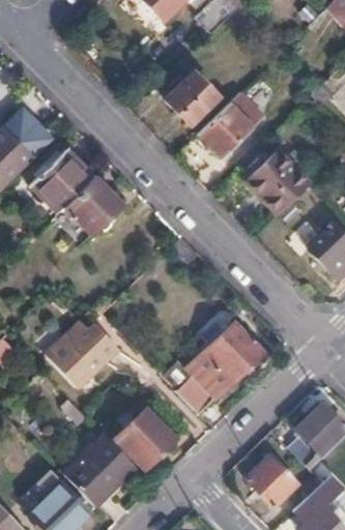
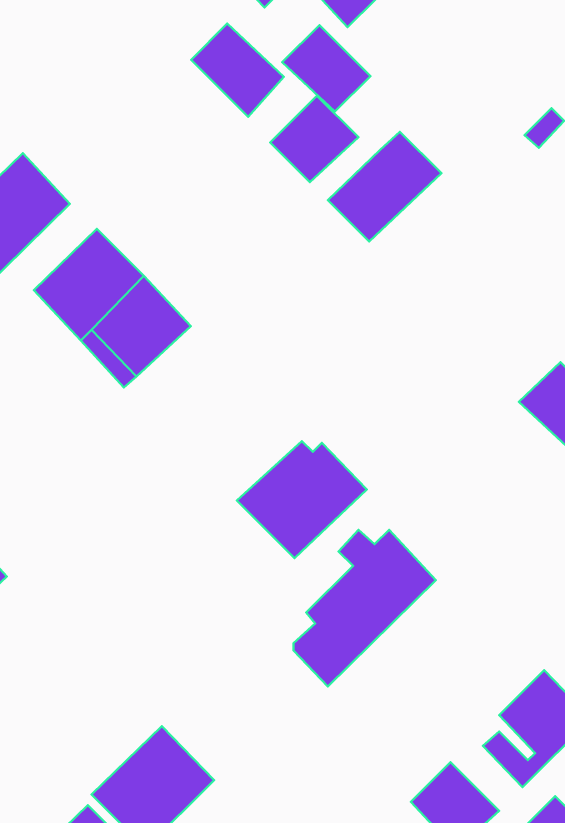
building: none -> [191,24,284,117]
building: none -> [282,25,370,112]
building: [247,148,312,213] -> none
building: [46,321,120,388] -> [237,441,367,558]
building: [116,409,174,467] -> none

